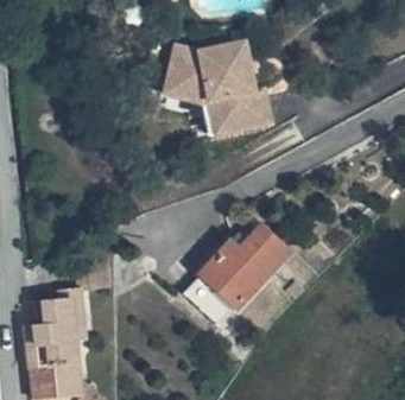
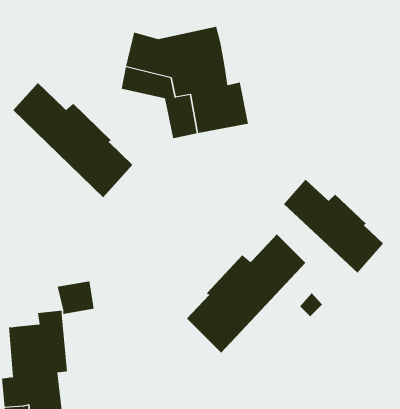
building: none -> [13,82,133,198]
building: none -> [283,179,384,274]

